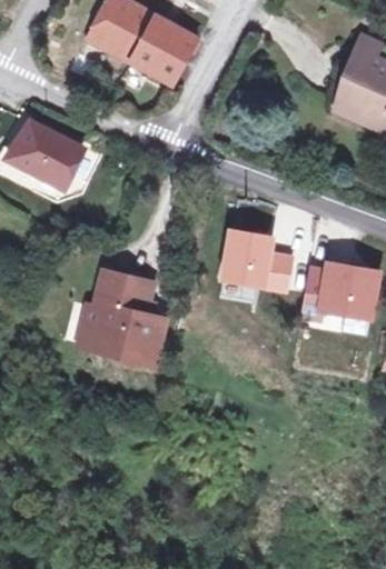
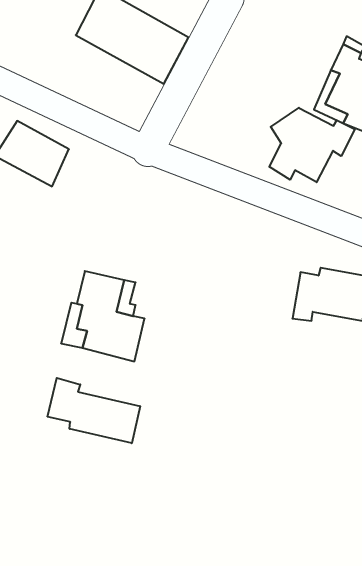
building: none -> [269,108,355,182]
building: [226,232,291,289] -> none
building: none -> [48,378,140,443]

